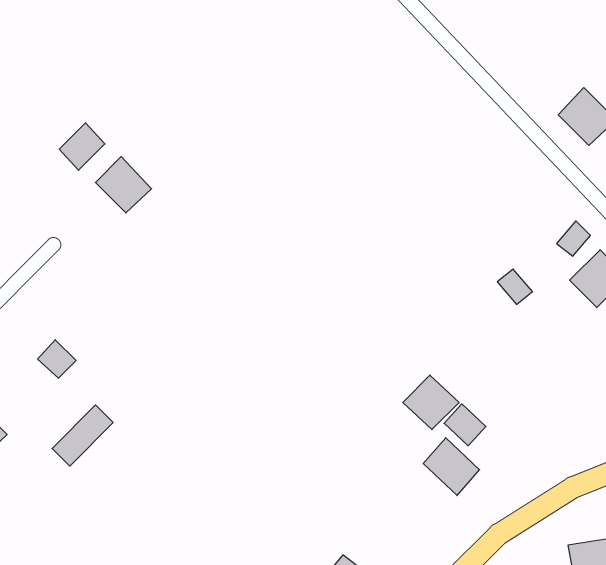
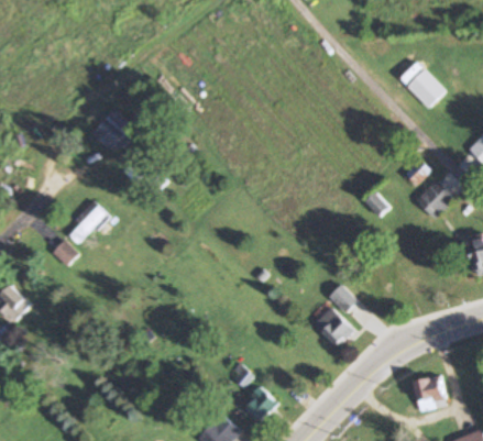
building: [59,123,105,170] -> none
building: [403,375,459,430] -> none
building: [52,405,113,466] -> [65,202,107,244]

